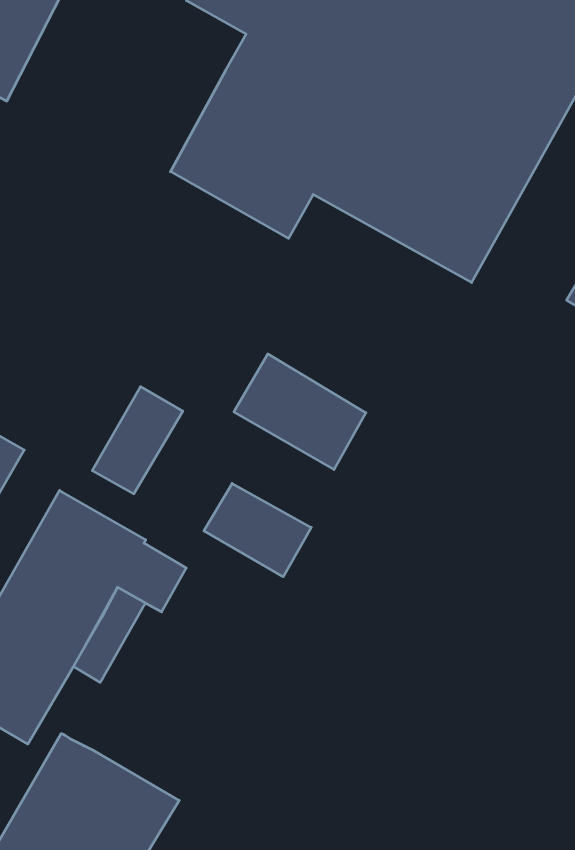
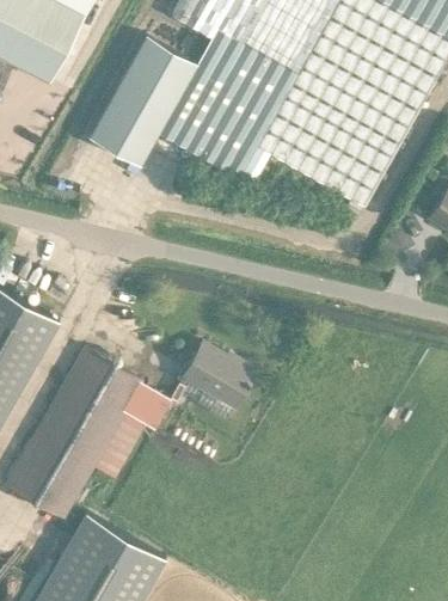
building: none -> [88,35,197,166]
building: [234,354,366,470] -> none
building: [92,387,183,494] -> none

